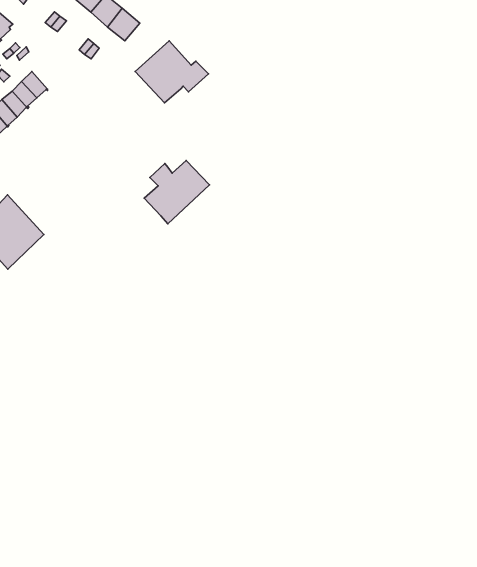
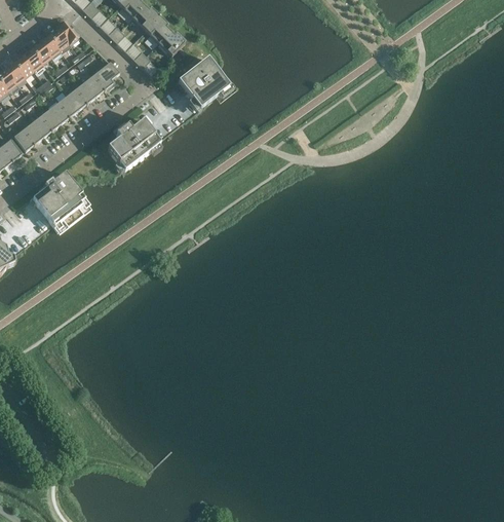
building: none -> [92,62,119,89]
building: [144,161,210,224] -> [106,120,160,171]

